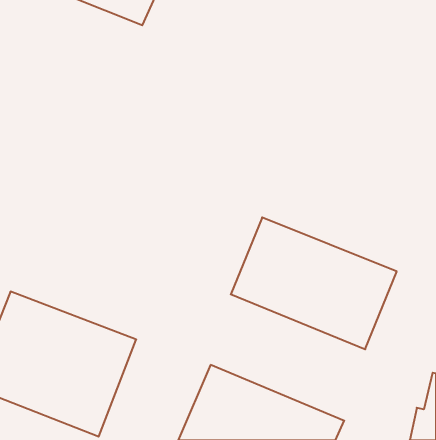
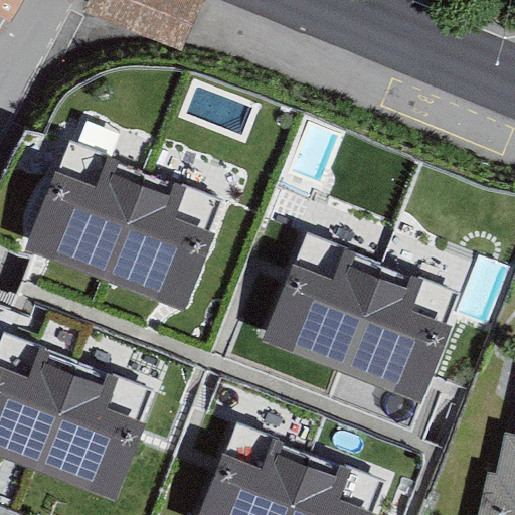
building: none -> [31,157,219,308]

